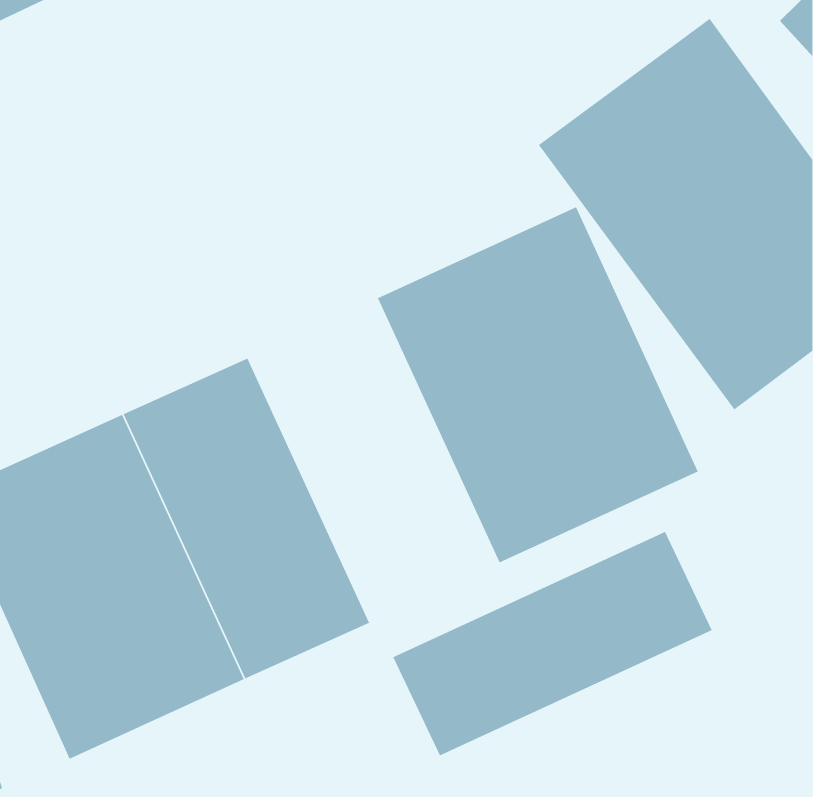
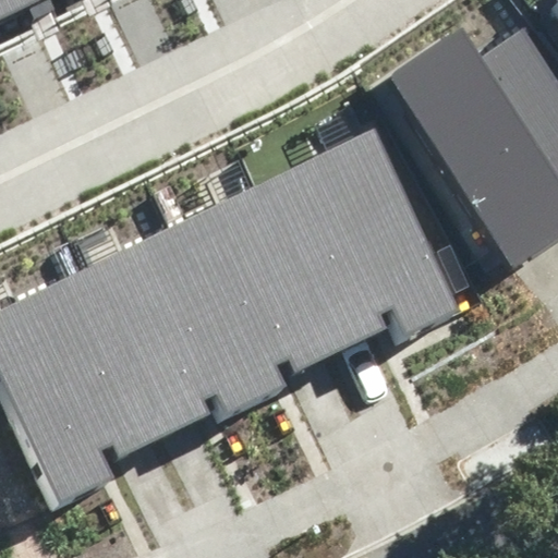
building: none -> [168,202,338,422]
building: [392,531,713,756] -> none

